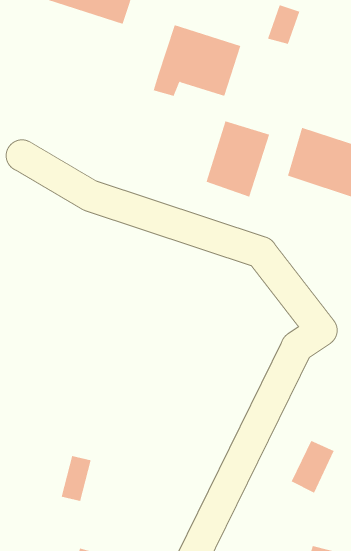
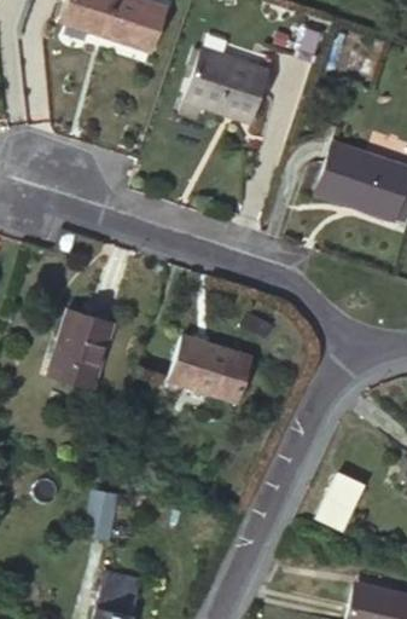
building: [206,120,270,198] -> none
building: none -> [48,322,111,398]
building: none -> [167,339,250,406]

